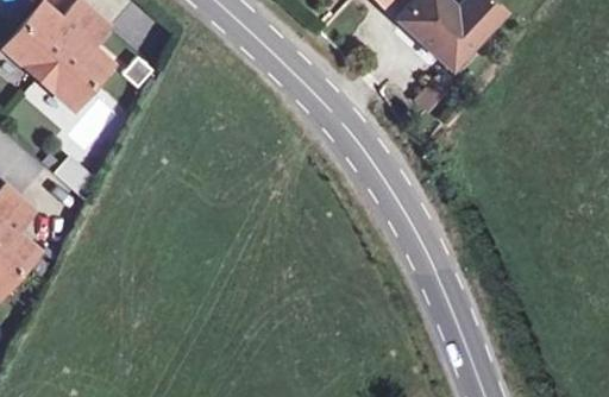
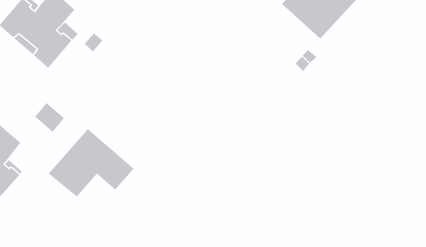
building: none -> [48,128,134,198]

